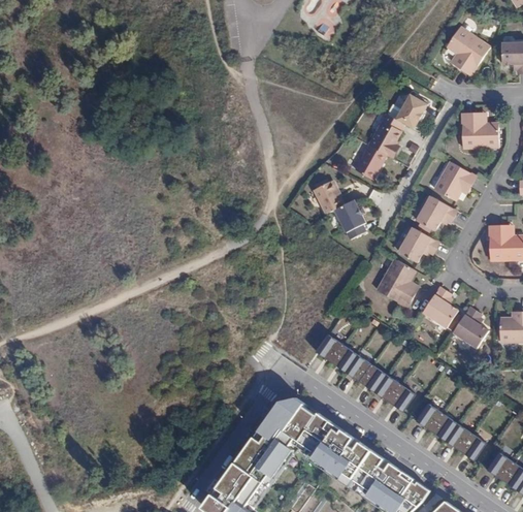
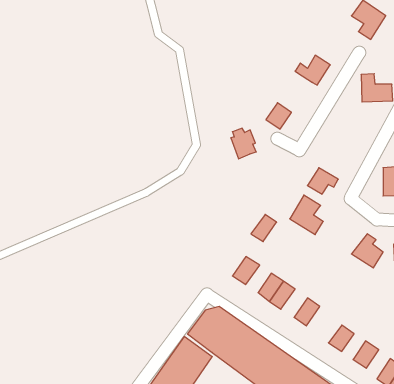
building: [368,116,406,161] -> none
building: [438,163,478,198] -> none
building: [419,197,455,229] -> none
building: [333,202,364,243] -> none
building: [424,286,458,325] -> none
building: [328,342,358,374] -> [251,214,277,242]
building: [369,370,400,403] -> none
building: [413,403,440,433] -> none
building: [440,422,468,452] -> none

